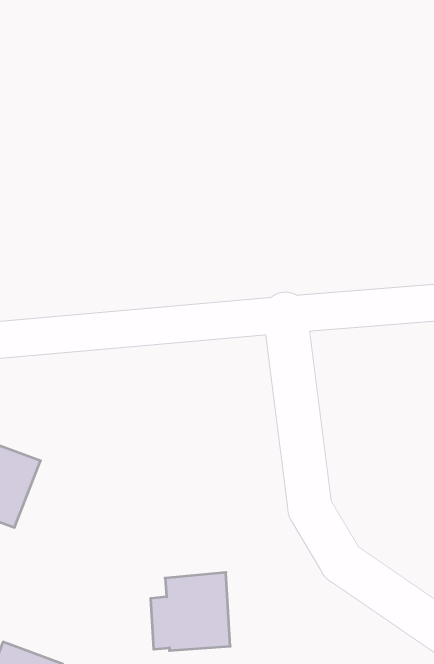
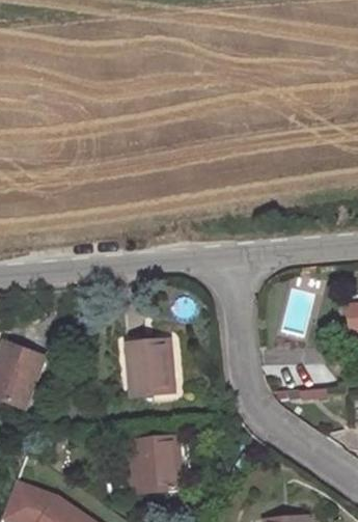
building: none -> [126,338,173,394]

